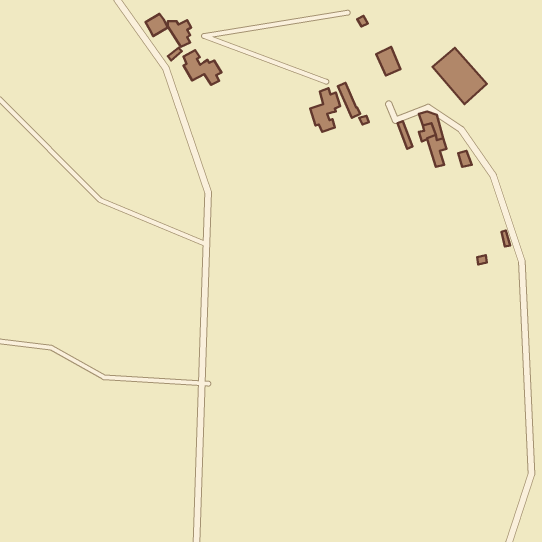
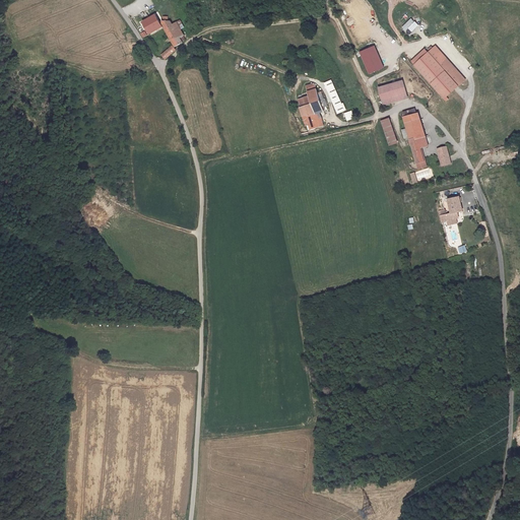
building: [183,50,221,85] -> none
building: none -> [379,80,408,106]
building: none -> [438,195,462,221]

